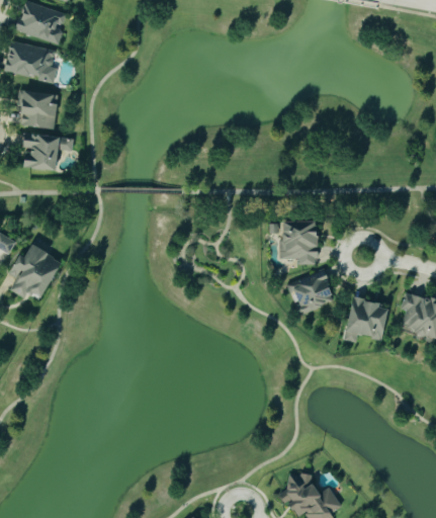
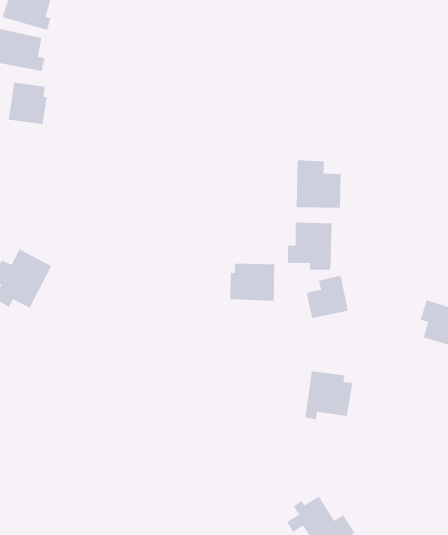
building: [22,133,73,172] -> none
building: none -> [296,160,342,208]
building: none -> [230,263,275,301]
building: [344,296,388,342] -> [305,370,353,420]

